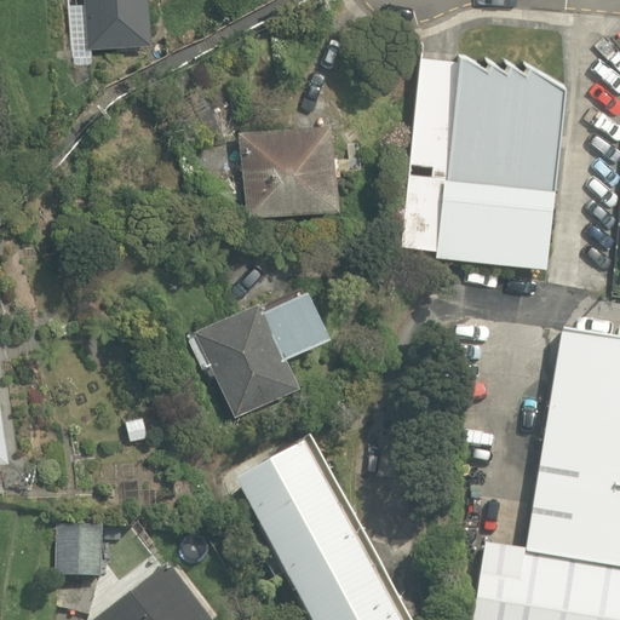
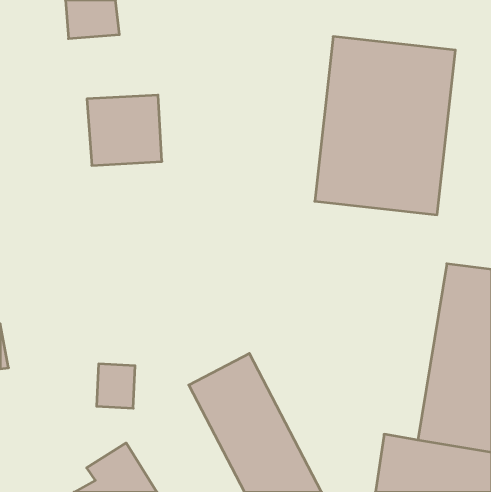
building: [236,127,331,216] -> [87,95,162,165]
building: [172,275,334,414] -> none
building: [56,527,104,582] -> [97,364,135,408]

